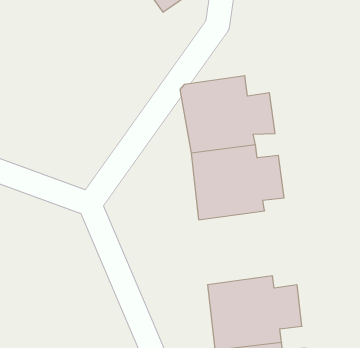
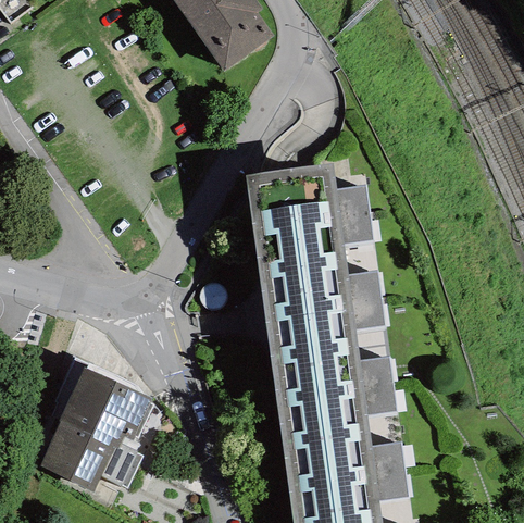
building: none -> [272,337,398,436]
building: none -> [40,368,154,493]

